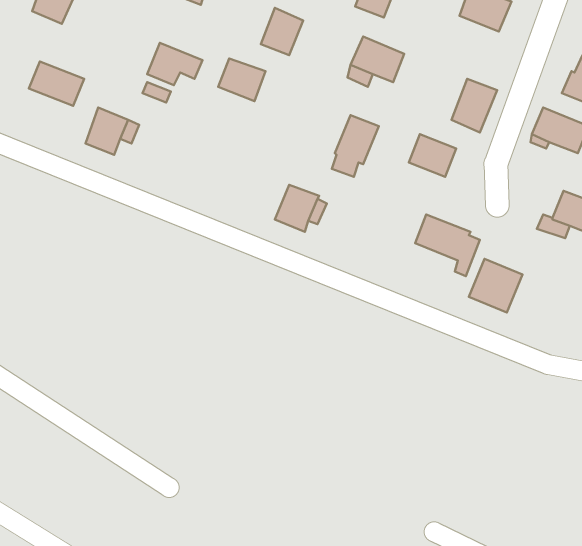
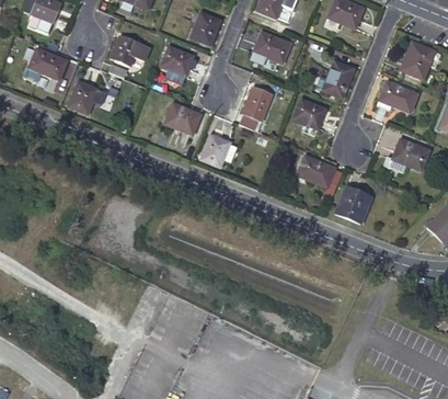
building: none -> [164,102,200,134]

